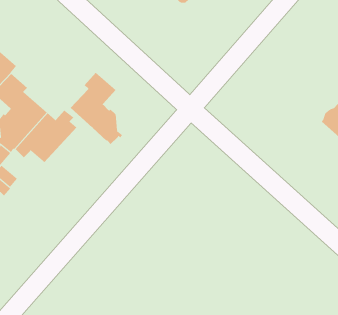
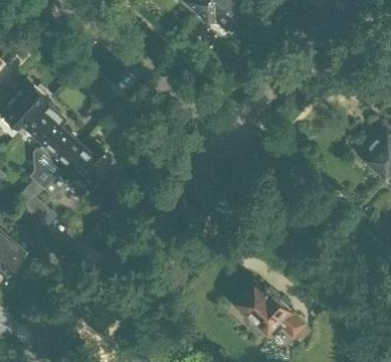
building: [70,72,123,145] -> none
building: none -> [235,279,307,339]

